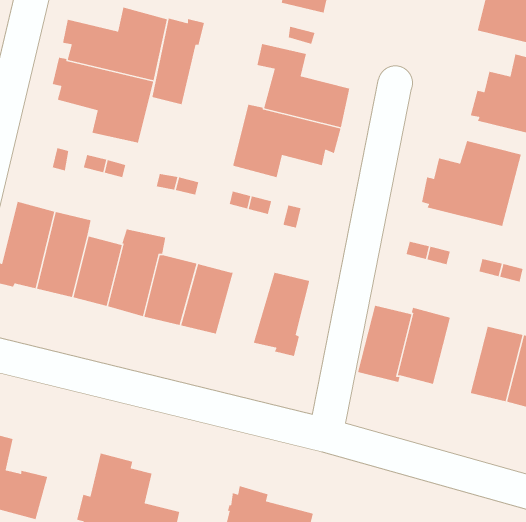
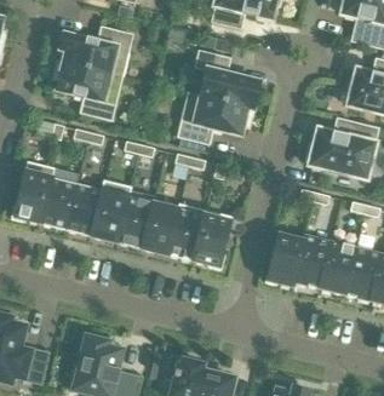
building: [152,17,205,105] -> none
building: none -> [166,202,206,260]
building: none -> [317,241,355,294]

